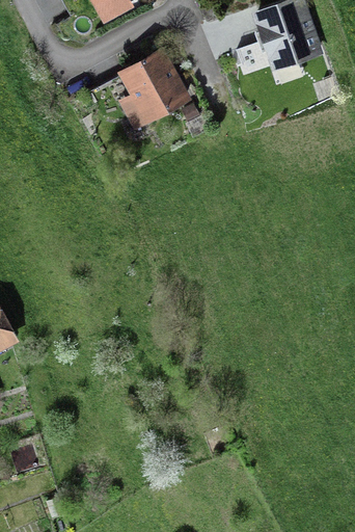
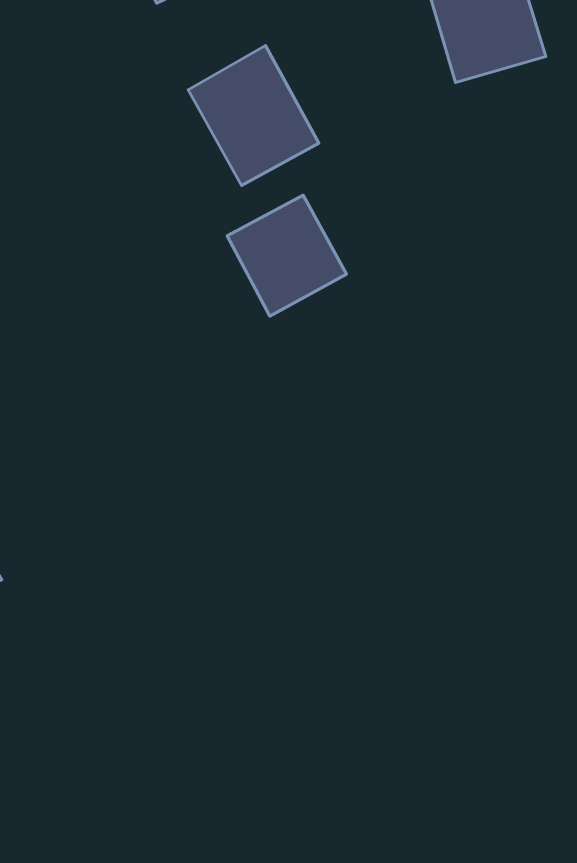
building: none -> [227,195,347,316]

